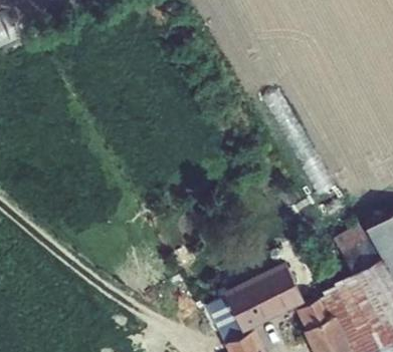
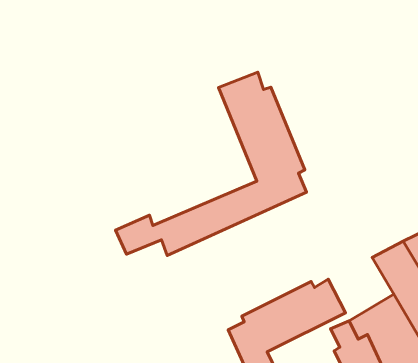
building: none -> [116,72,306,256]

